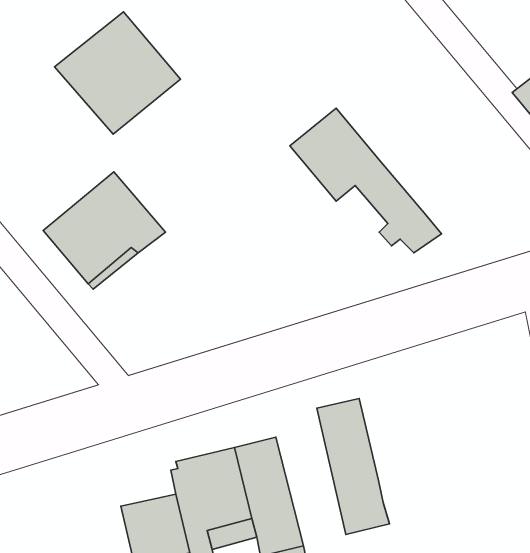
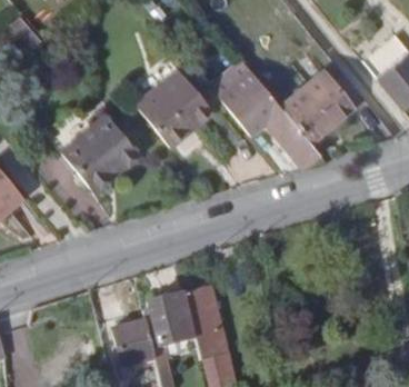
building: [55,12,180,134] -> [136,68,217,147]
building: none -> [279,69,353,141]
building: [317,399,389,534] -> none

